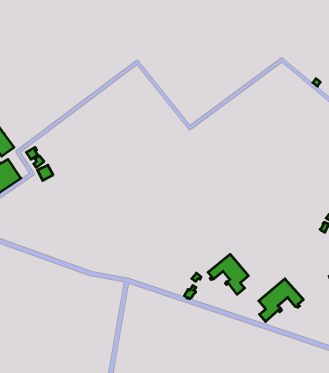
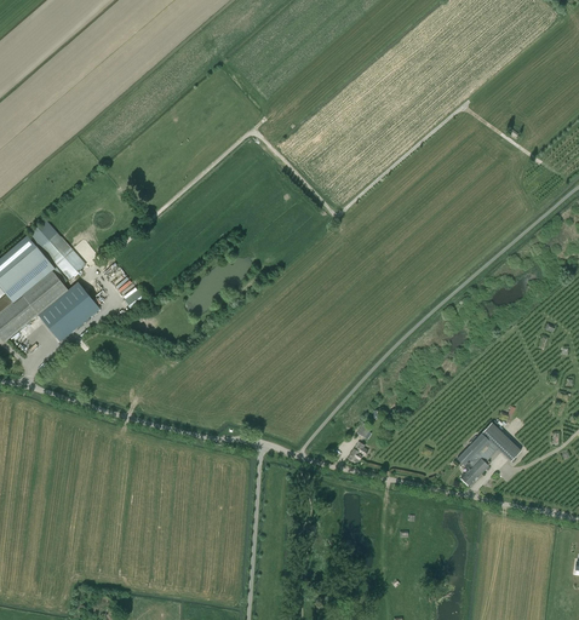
building: [208,254,248,294] -> none

